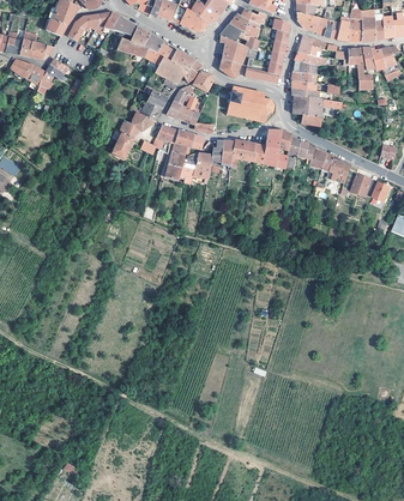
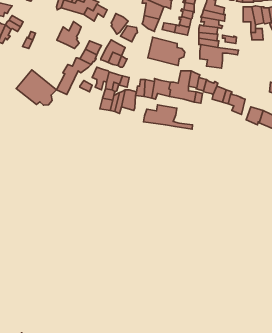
building: [155,48,186,83] -> [57,21,81,49]
building: none -> [16,70,56,105]
building: none -> [143,105,193,129]

